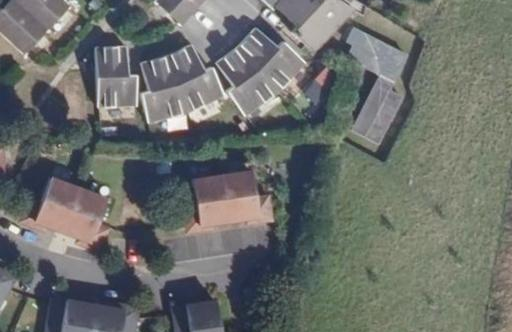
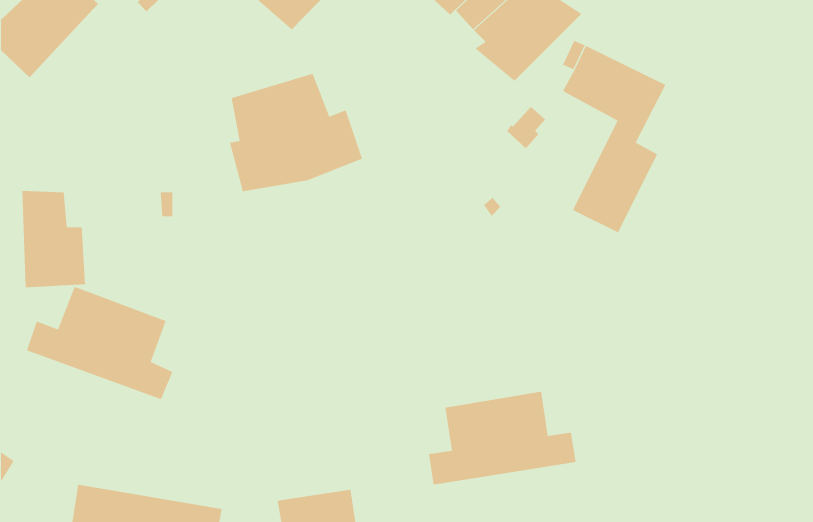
building: [219,30,306,112] -> none
building: [97,44,136,103] -> [21,191,86,288]
building: [182,169,272,226] -> [428,391,576,485]

